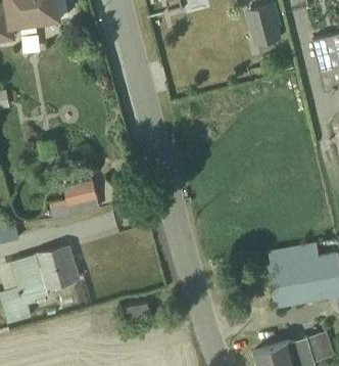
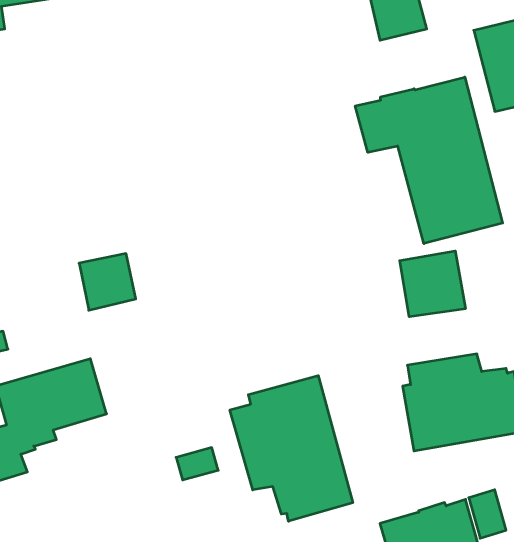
building: none -> [355,77,503,244]
building: none -> [400,251,465,317]
building: none -> [230,376,353,521]

